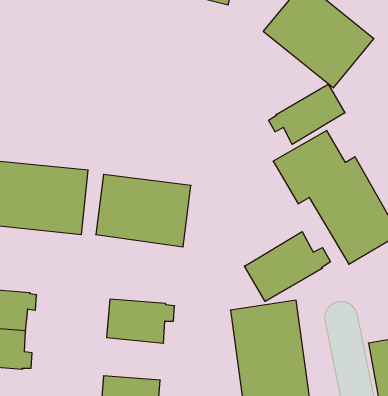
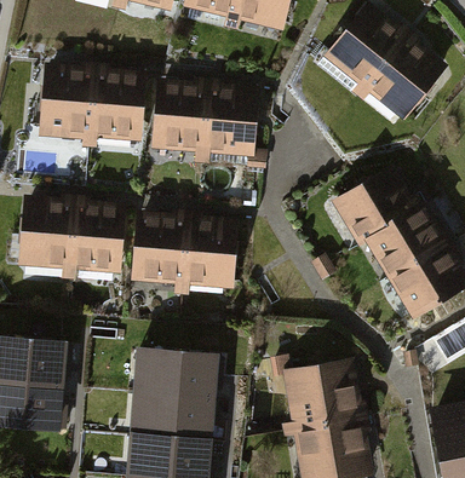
building: none -> [38,68,143,151]
building: none -> [153,82,259,165]
building: [269,84,345,144] -> none
building: [244,232,330,301] -> none
building: none -> [133,395,208,443]

